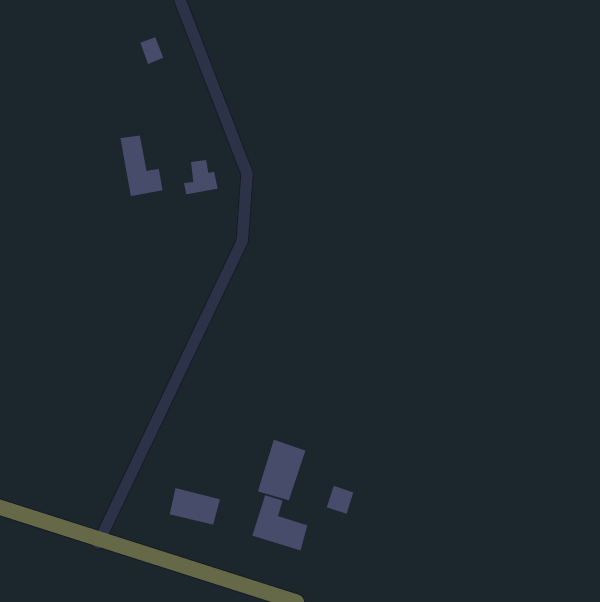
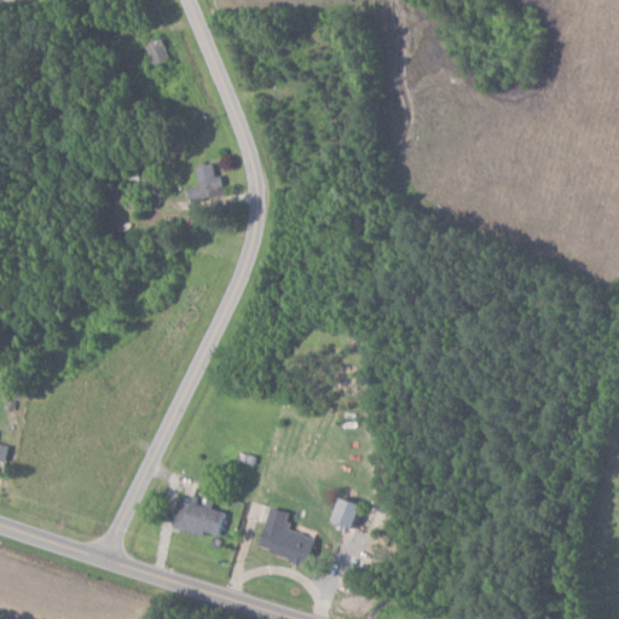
building: [120,135,163,197] -> none
building: [257,439,306,501] -> none

